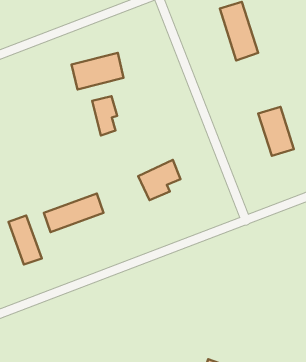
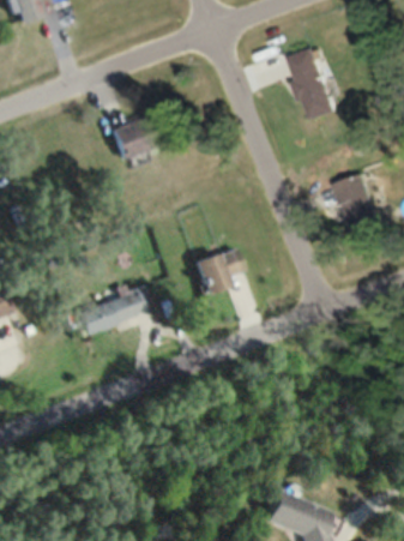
building: [92,96,117,135] -> none
building: [9,215,42,264] -> none

